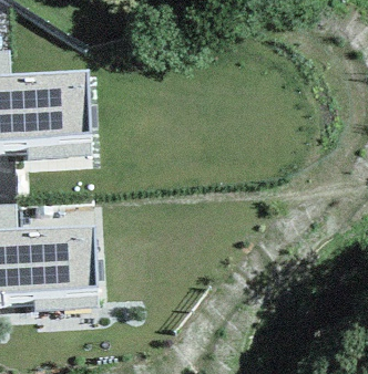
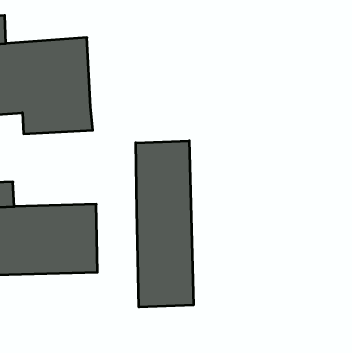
building: none -> [136,141,193,307]

